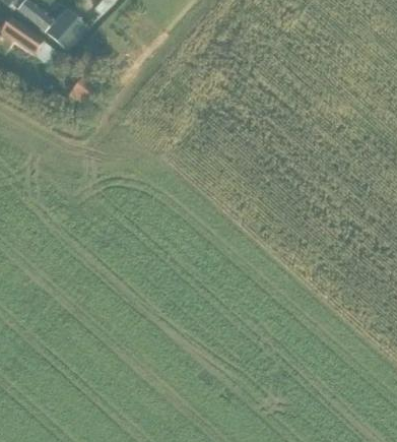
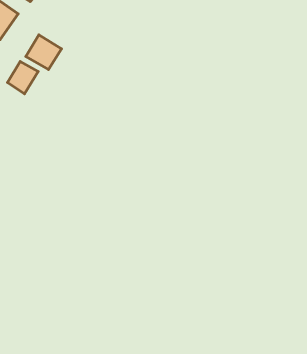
building: none -> [26,35,62,70]

